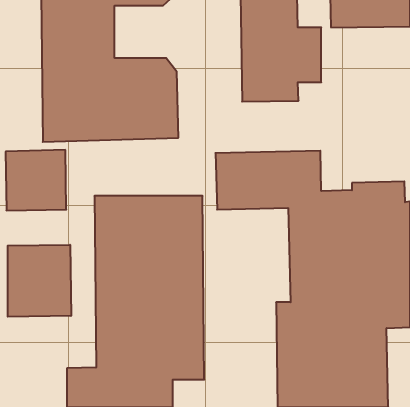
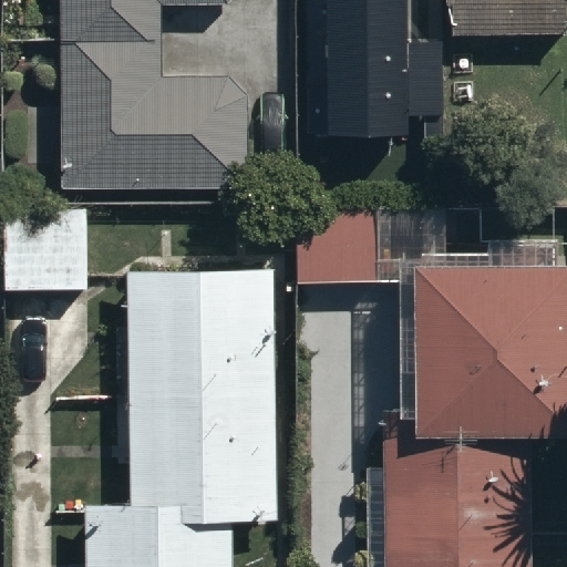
building: [8,245,71,317] -> none

